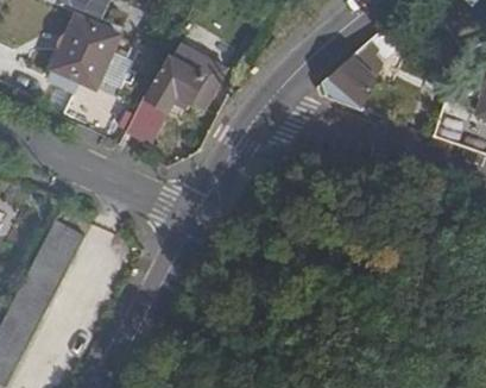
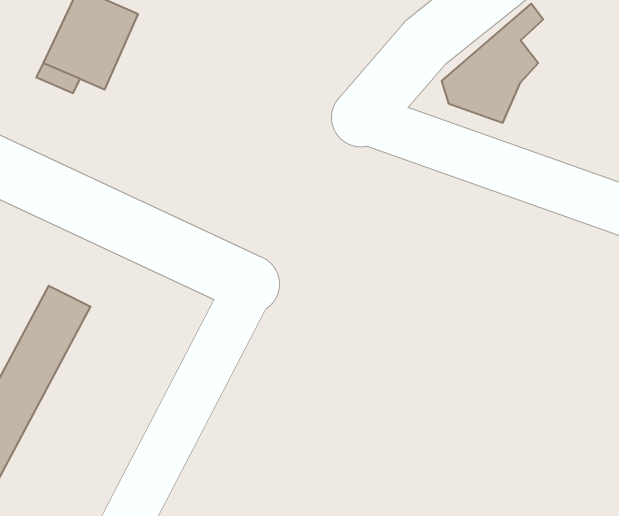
building: [126,46,217,139] -> none

